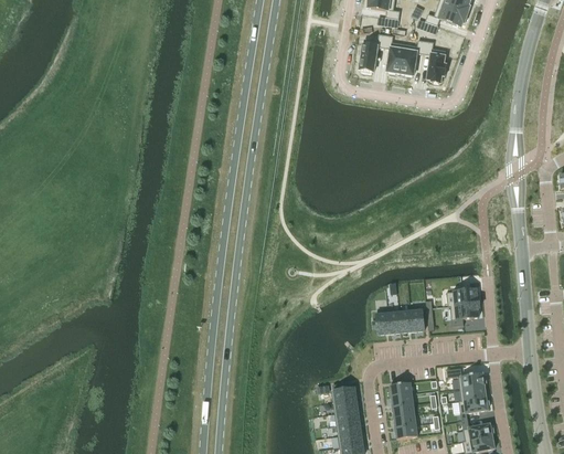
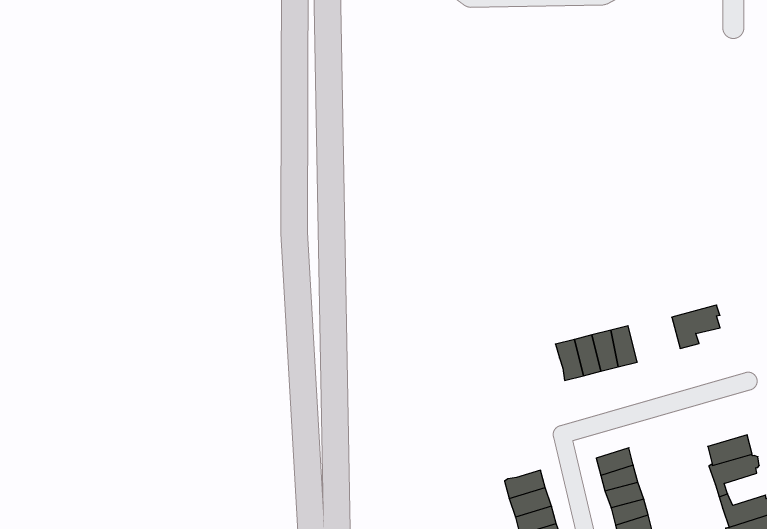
building: [447,286,478,307] -> none
building: [448,368,487,389] -> none

